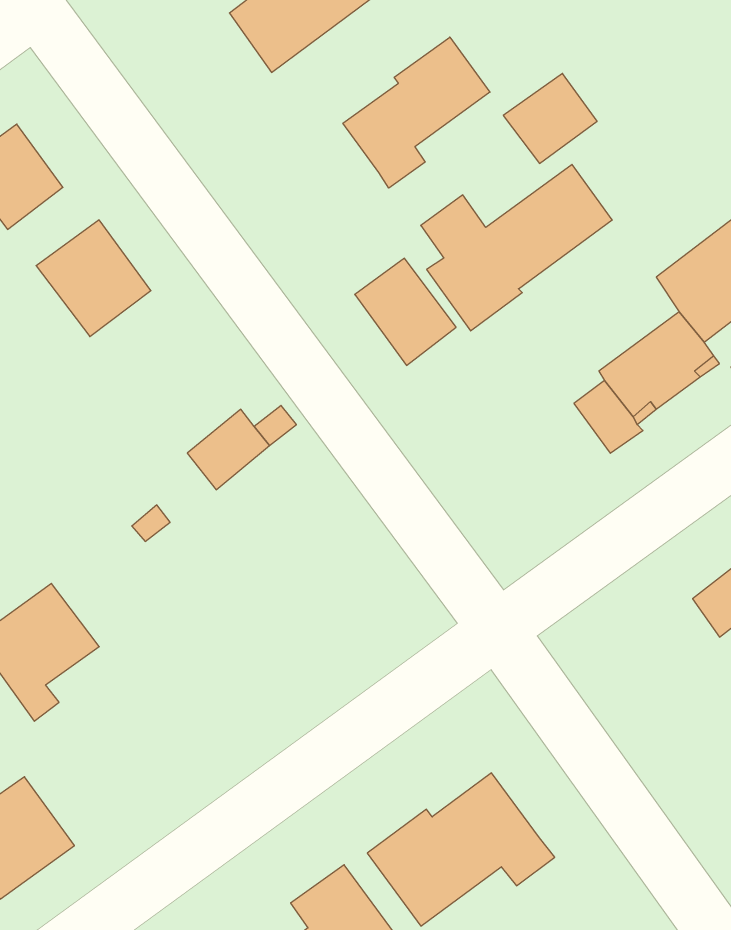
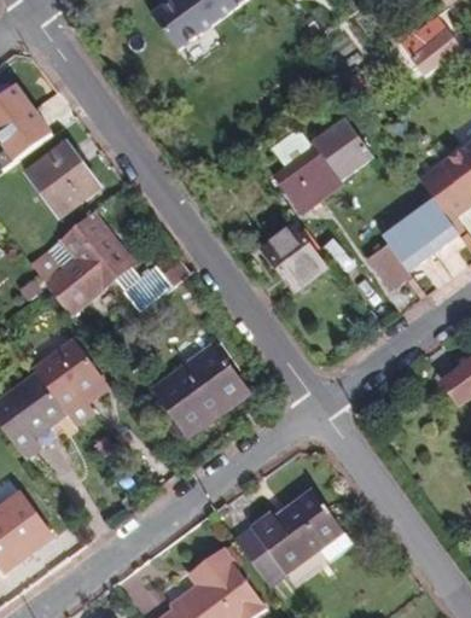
building: [343,37,490,188] -> none
building: [503,73,597,163] -> [400,14,459,71]
building: [355,258,456,365] -> [261,222,325,290]
building: none -> [31,212,132,314]
building: none -> [34,338,110,425]
building: none -> [153,345,248,436]

